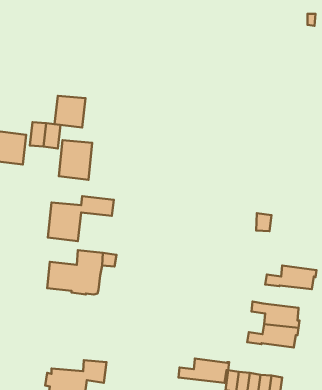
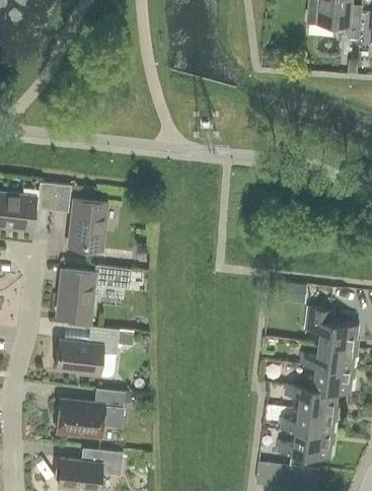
building: [55,96,85,127] -> none
building: none -> [305,306,359,348]
building: none -> [298,365,355,393]
building: none -> [56,388,123,436]
building: [179,358,229,383] -> [278,430,334,458]

